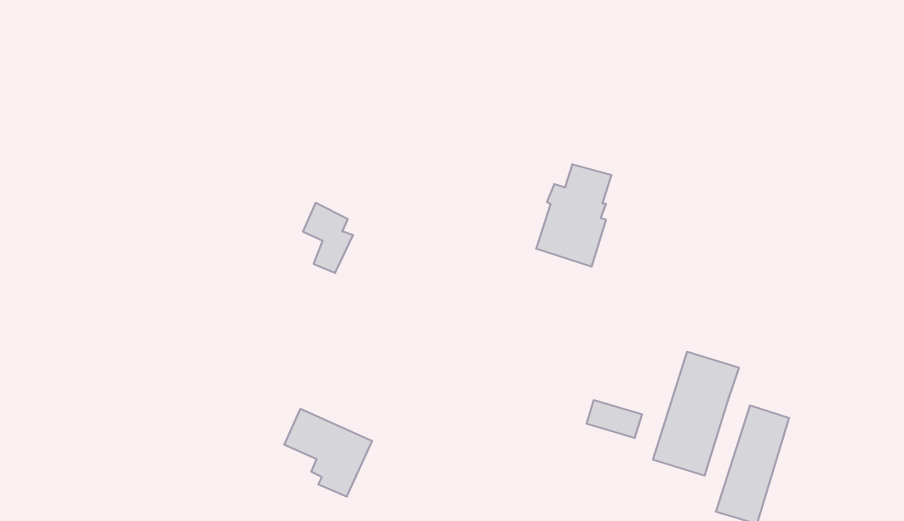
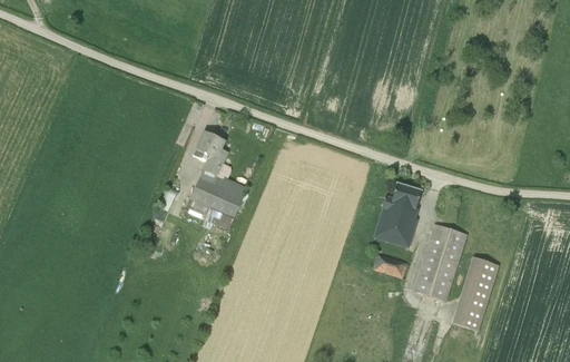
building: [536,164,612,267] -> [374,183,421,246]
building: [284,409,372,497] -> [189,175,244,229]

